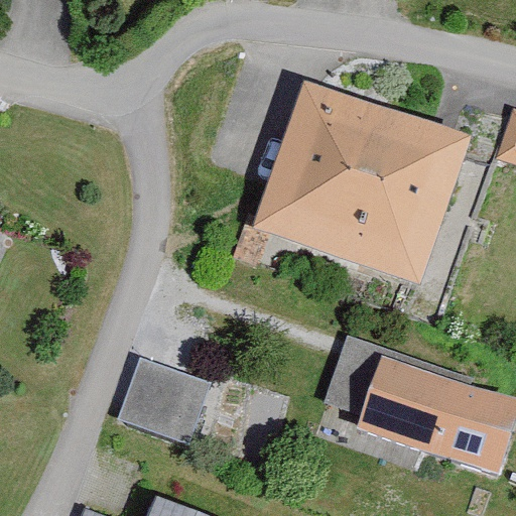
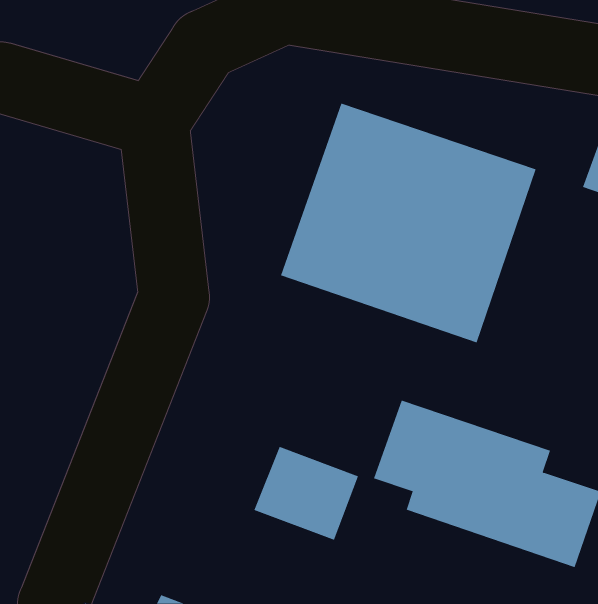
building: [118,359,206,437] -> [254,446,359,540]

